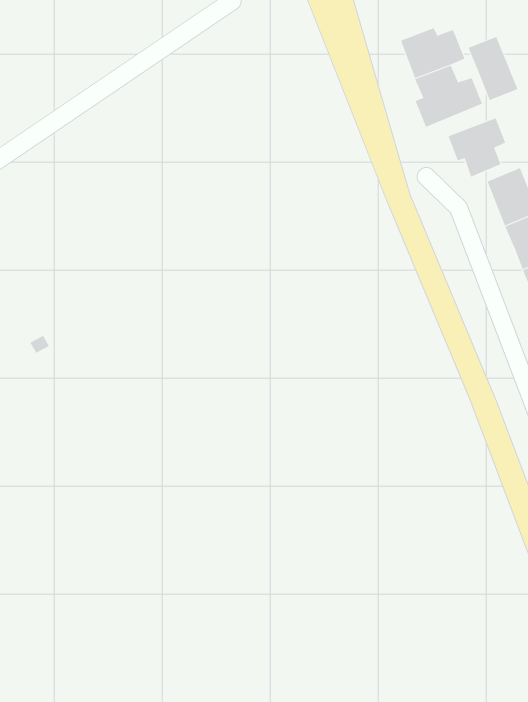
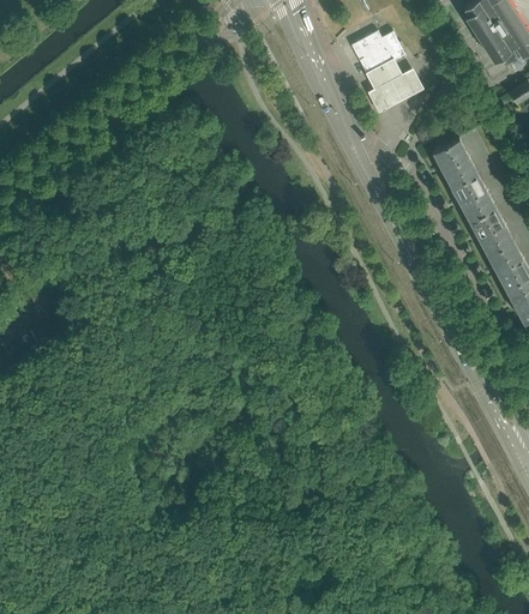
building: [468,36,518,101] -> none
building: [448,118,506,177] -> none

